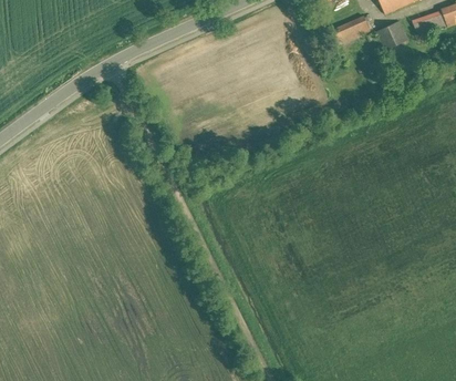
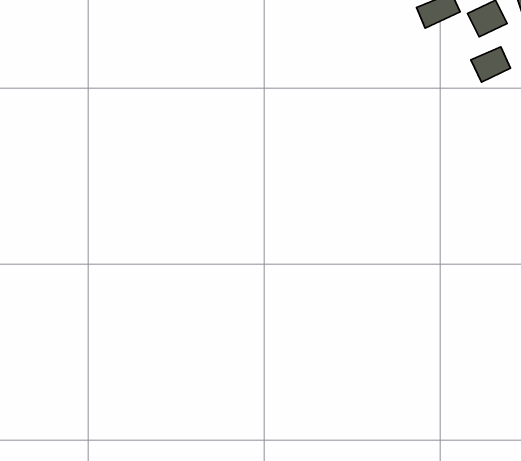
building: none -> [471,47,510,82]

